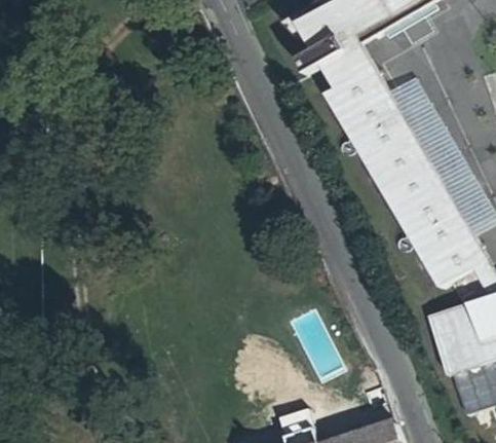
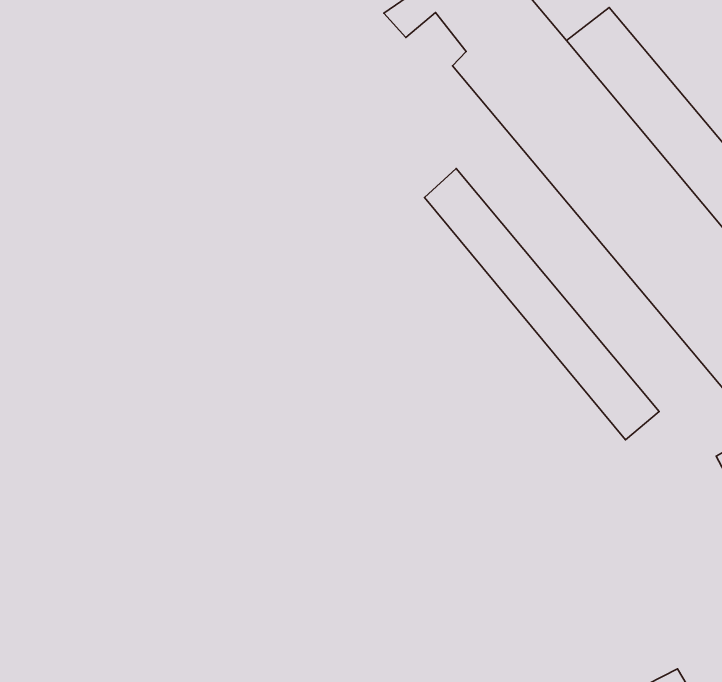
building: none -> [424,169,659,440]

